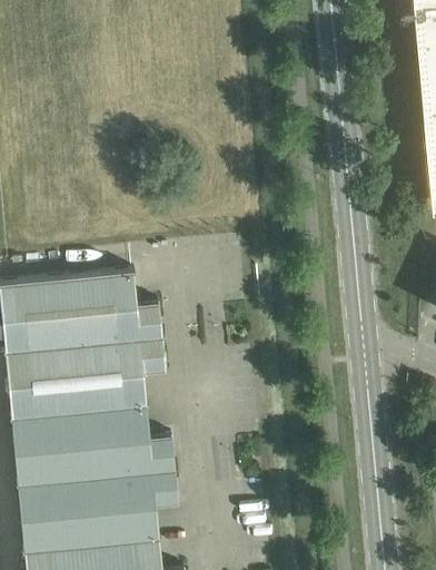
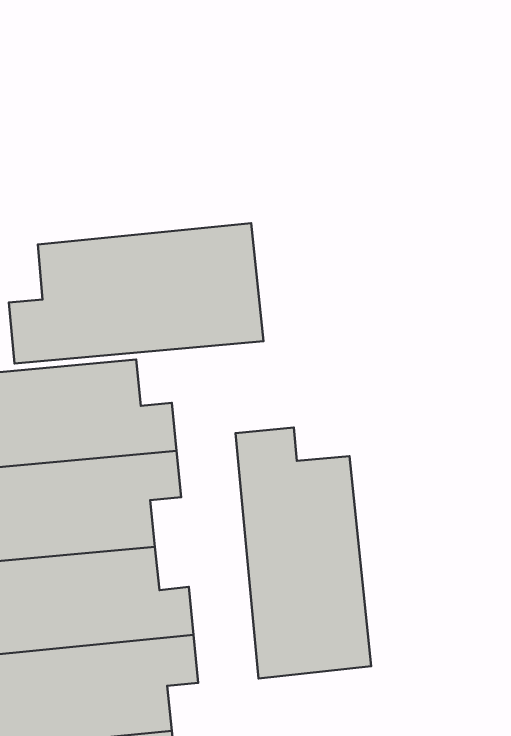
building: none -> [9,223,263,363]
building: none -> [235,428,371,679]

